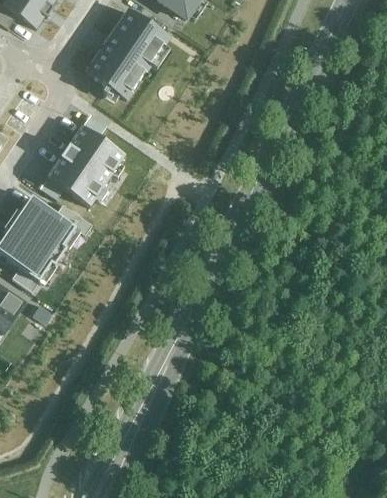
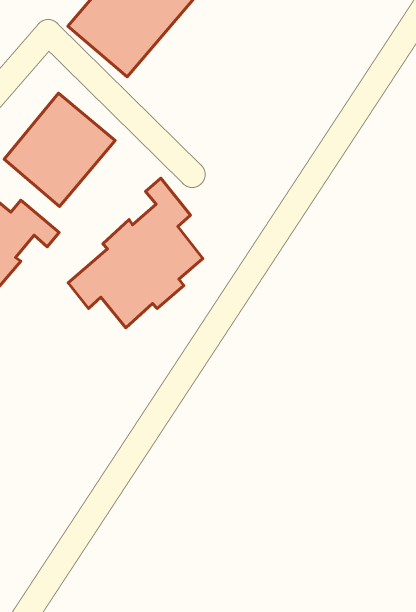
building: none -> [68,178,203,328]

